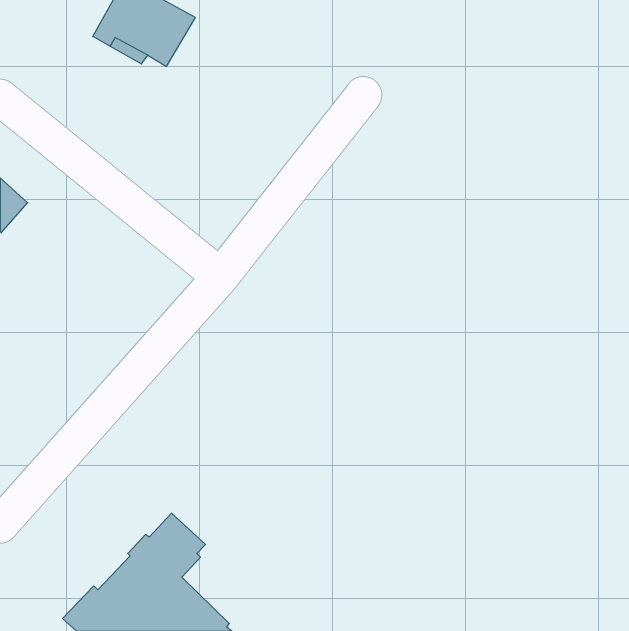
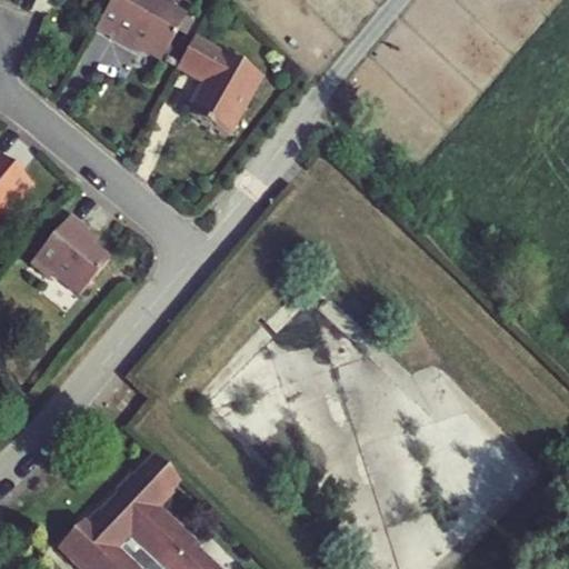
building: none -> [176,39,260,138]
building: none -> [29,212,107,290]

